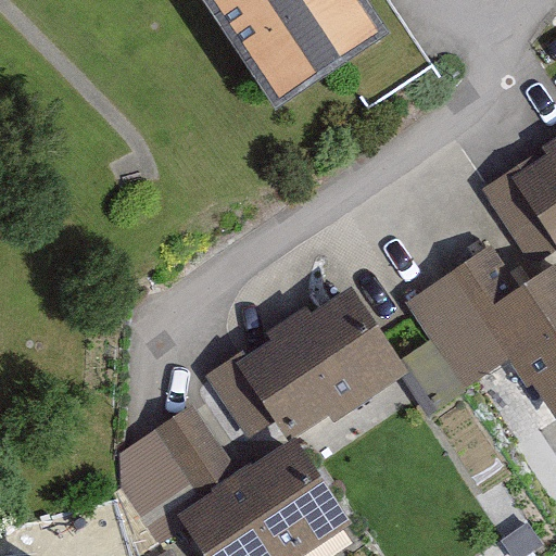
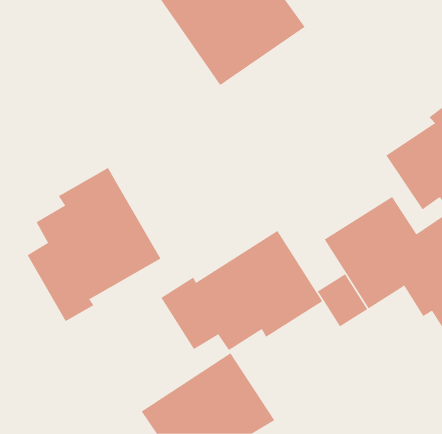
building: none -> [27,167,161,322]
building: [123,407,224,510] -> none

